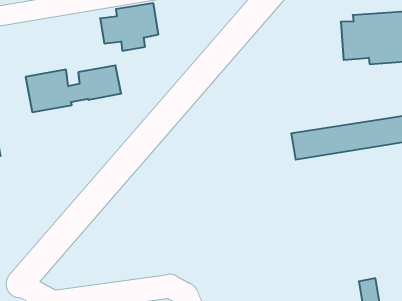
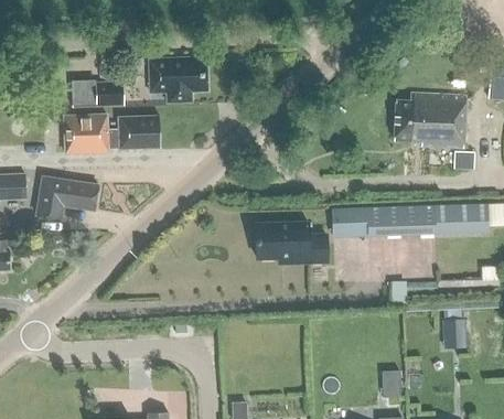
building: none -> [72,82,122,106]
building: none -> [36,175,98,217]
building: none -> [256,222,328,261]

